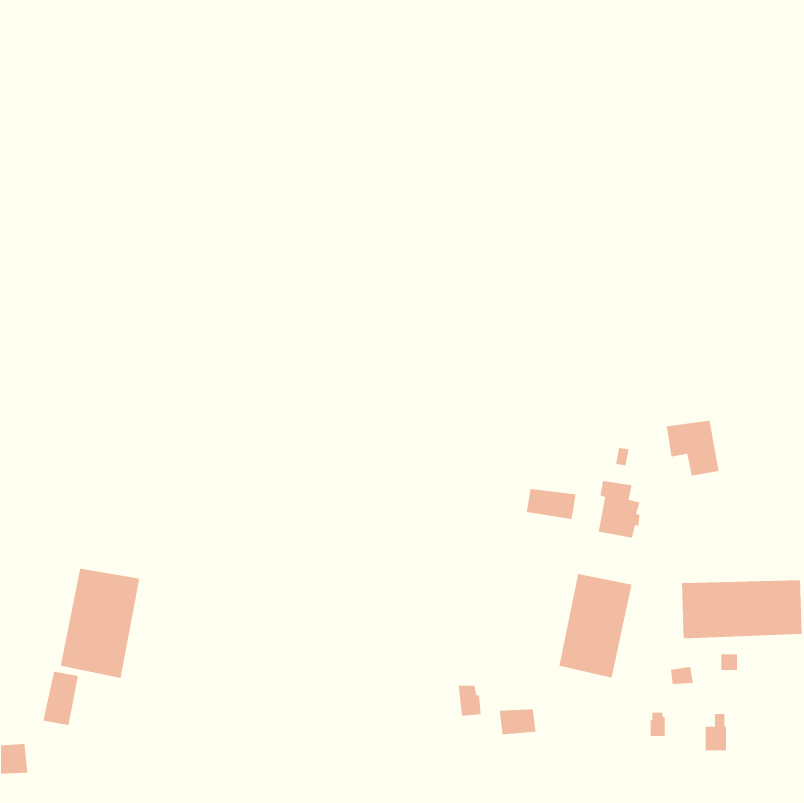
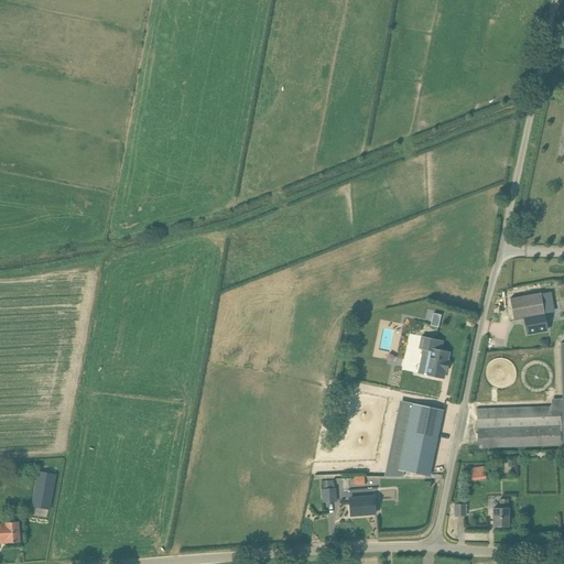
building: [666,420,719,476] -> [510,293,547,333]
building: [526,488,576,520] -> none
building: [60,568,140,679] -> none

